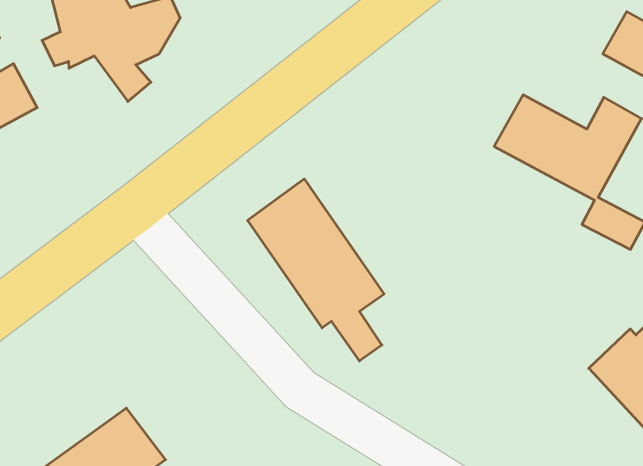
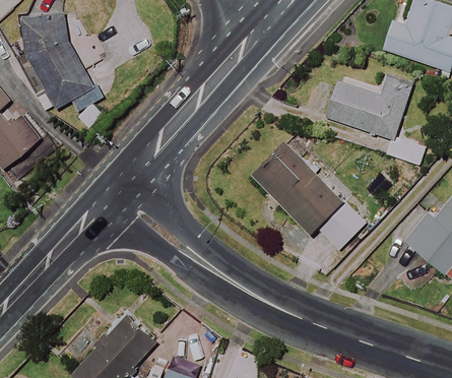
building: [248,179,384,361] -> [254,142,349,248]

